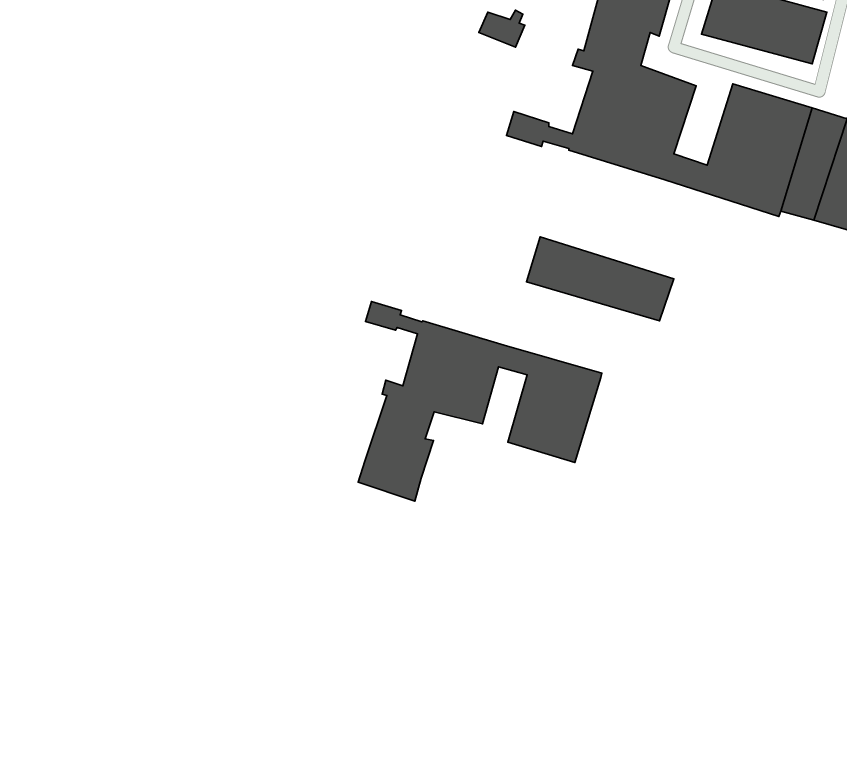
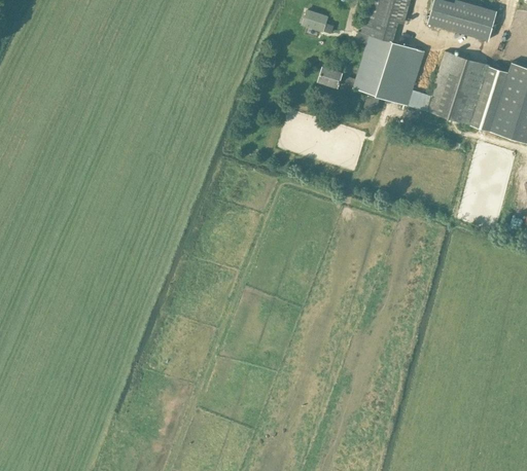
building: [527,237,674,321] -> none
building: [358,302,602,501] -> none

